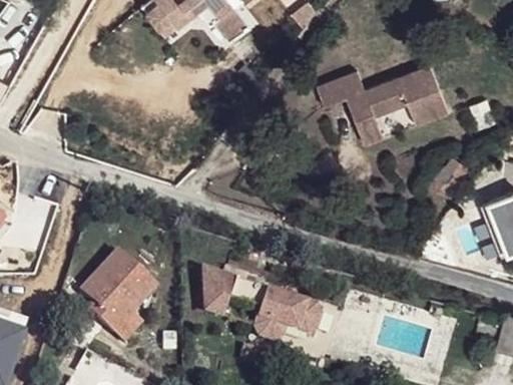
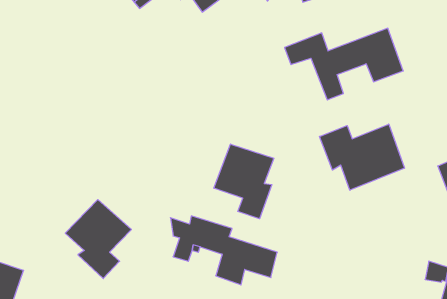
building: none -> [320,124,404,190]
building: none -> [214,144,274,219]

